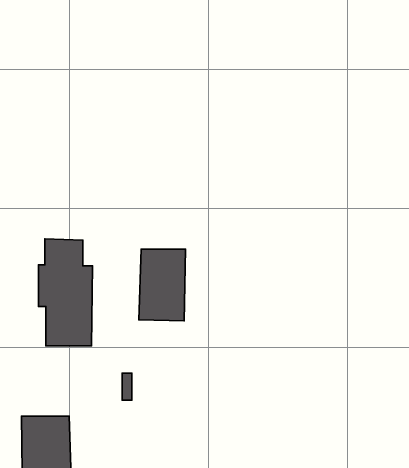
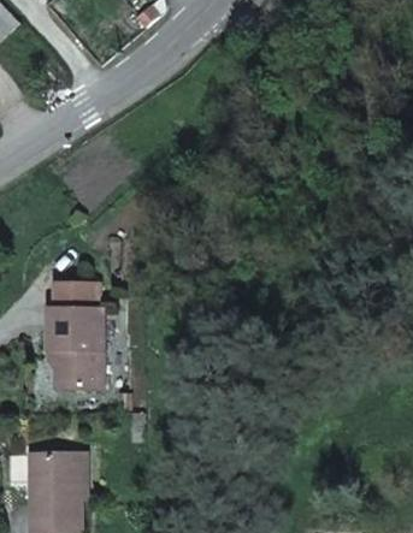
building: [139,249,185,321] -> none

